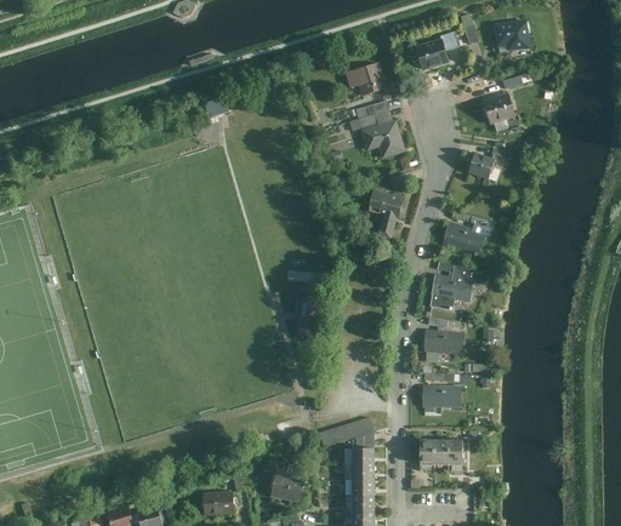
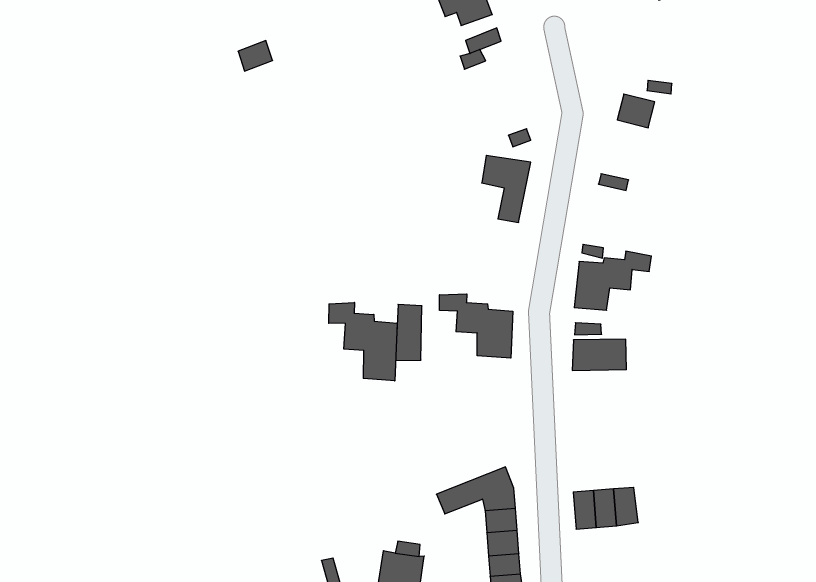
building: [483,96,515,132] -> none
building: [361,121,406,160] -> none
building: [441,218,496,255] -> none
building: none -> [440,294,513,358]
building: none -> [329,302,397,381]
building: [420,384,460,411] -> none

